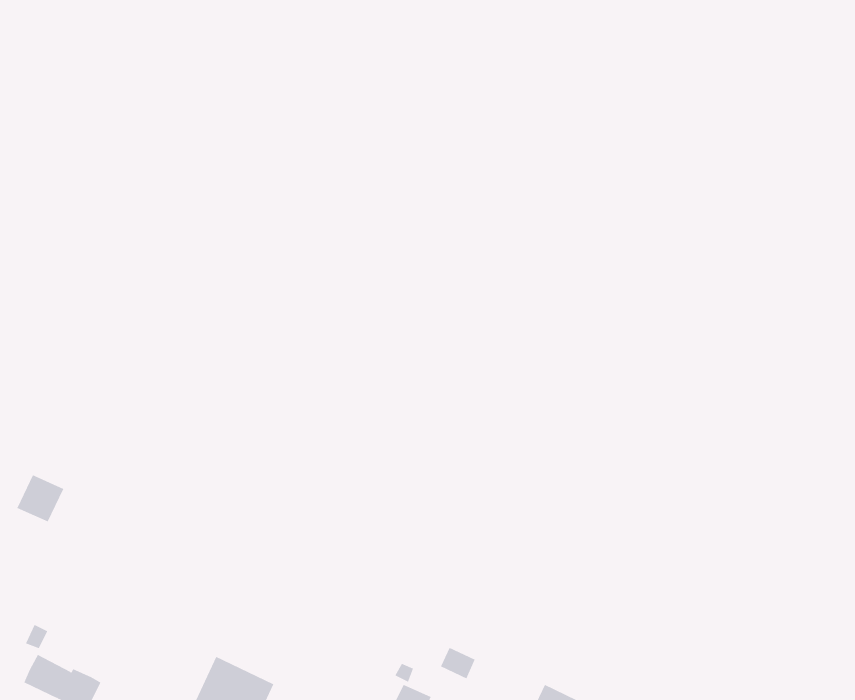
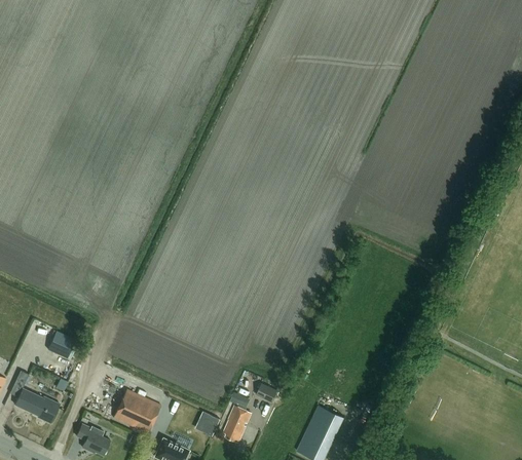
building: [17,475,64,522] -> [48,330,76,357]

